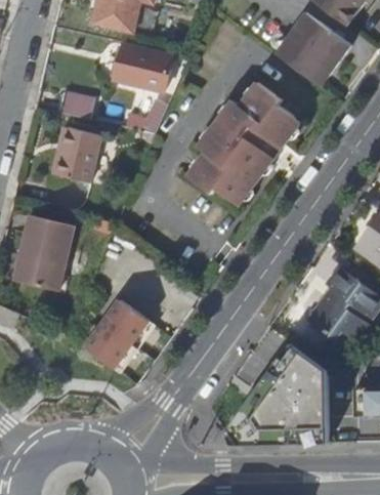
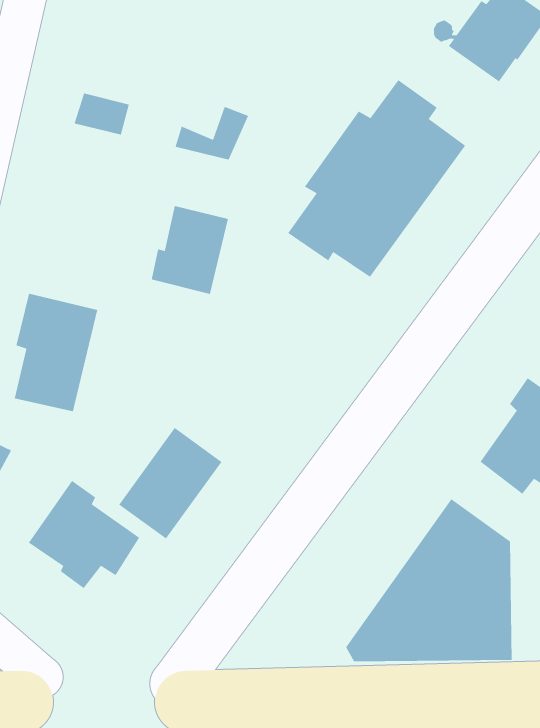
building: [113,45,171,91] -> none
building: [52,126,100,181] -> [151,205,229,295]
building: none -> [28,480,140,589]

